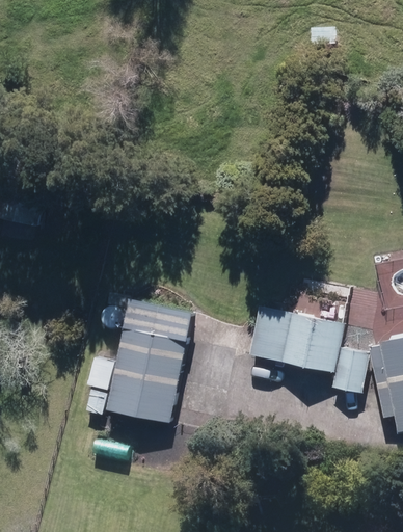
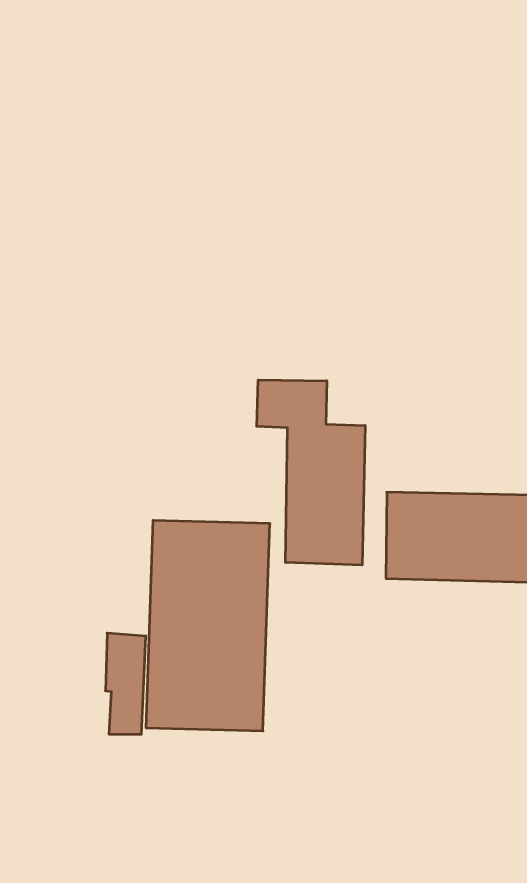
building: none -> [257,380,365,565]

